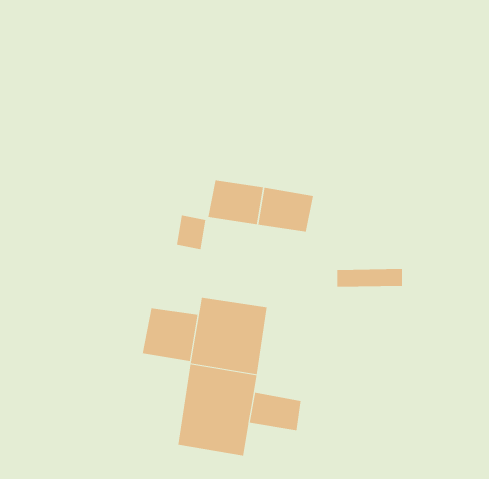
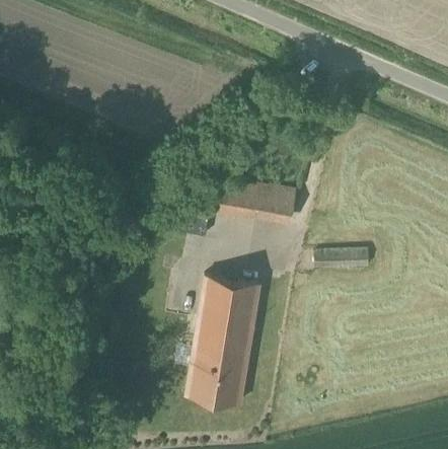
building: [142,307,198,362] -> none
building: [249,392,301,431] -> none

